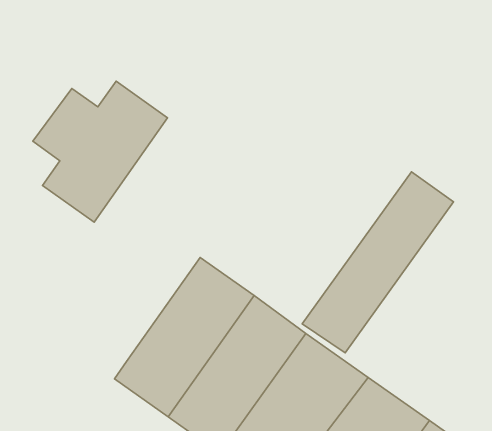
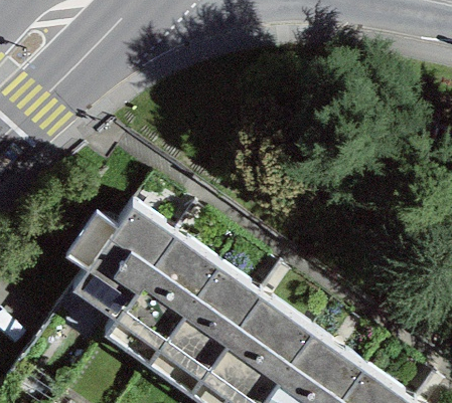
building: [33,81,168,222] -> [64,206,175,322]
building: [302,172,453,353] -> none

